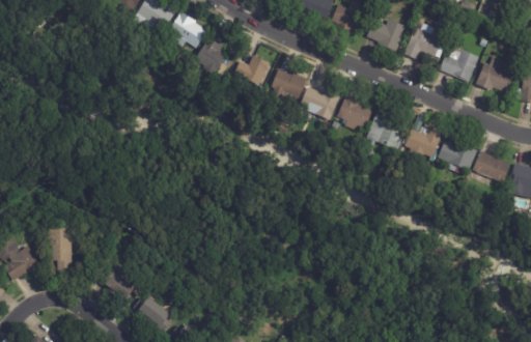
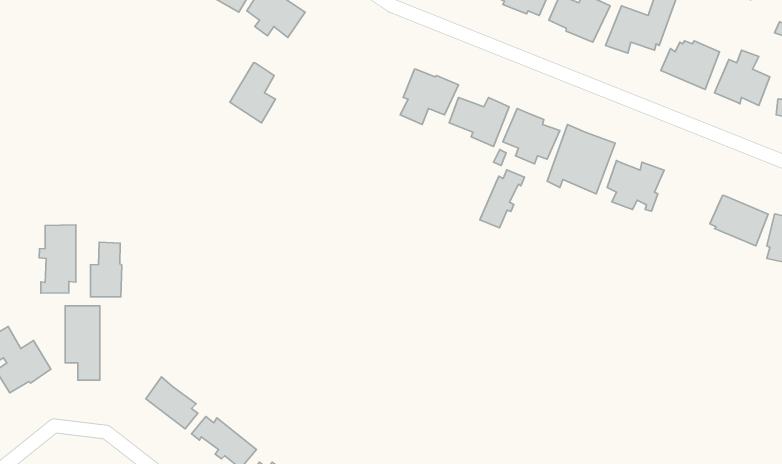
building: [196,31,226,70] -> [230,63,276,123]
building: [234,55,270,86] -> none
building: none -> [480,170,525,228]
building: [438,141,477,174] -> none
building: none -> [39,225,76,293]
building: none -> [91,242,122,297]

